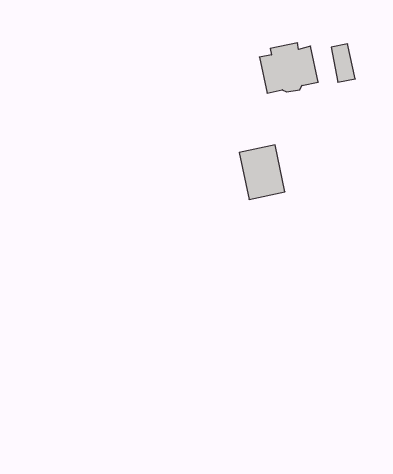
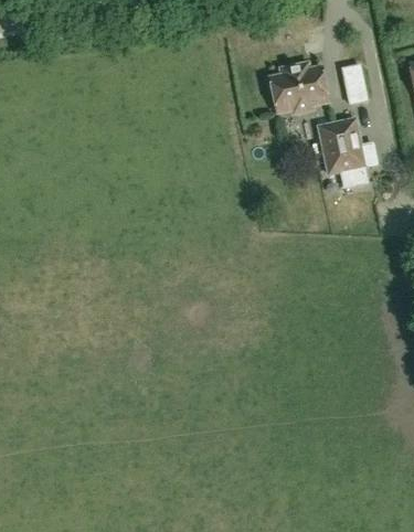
building: [239,145,285,199] -> [319,118,365,173]

